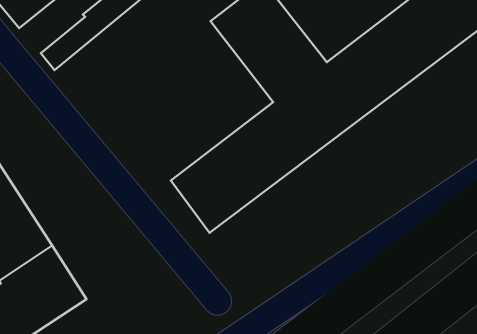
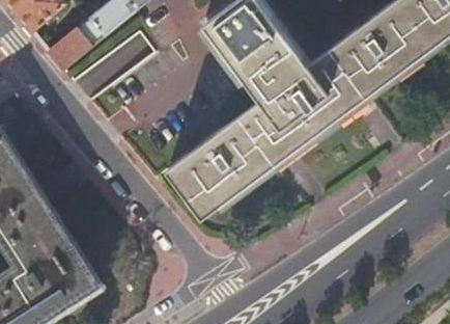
building: none -> [88,35,153,91]

